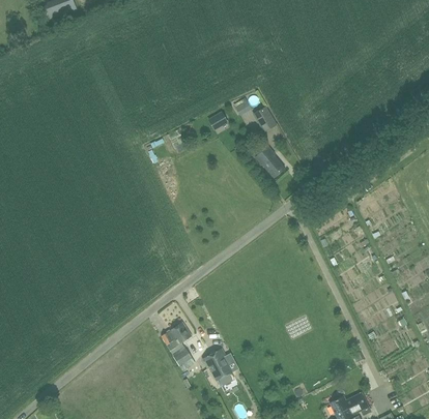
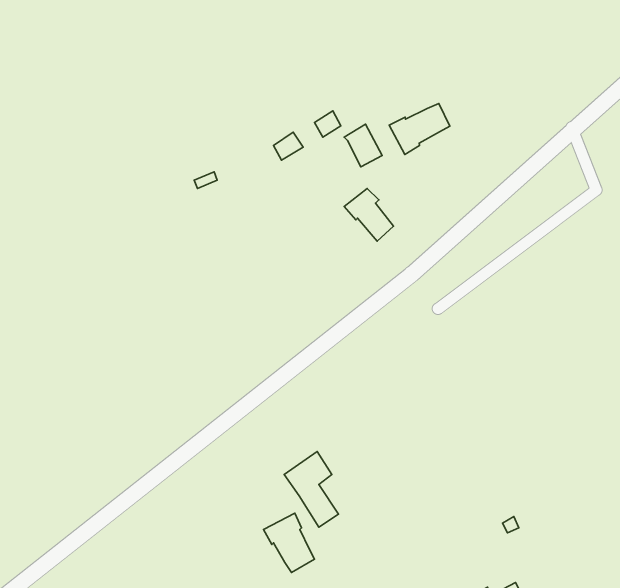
building: none -> [389,104,450,154]
building: [162,322,196,369] -> [284,451,339,527]

